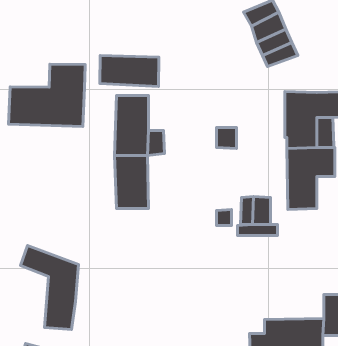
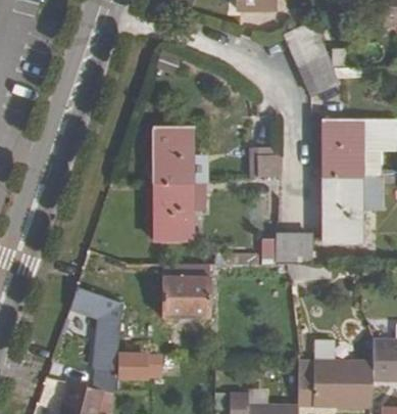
building: [100,55,159,86] -> none
building: [8,64,85,127] -> none
building: none -> [160,263,209,319]
building: none -> [117,350,160,372]

